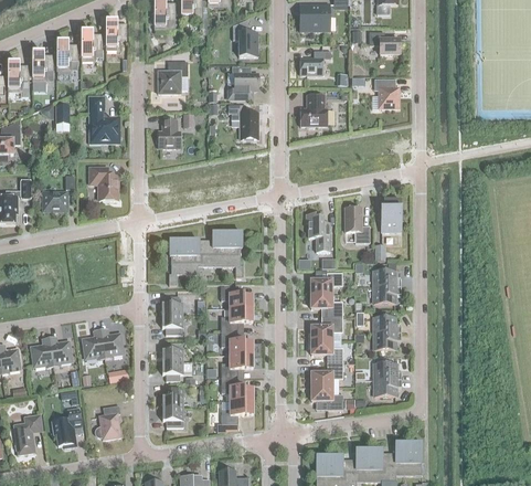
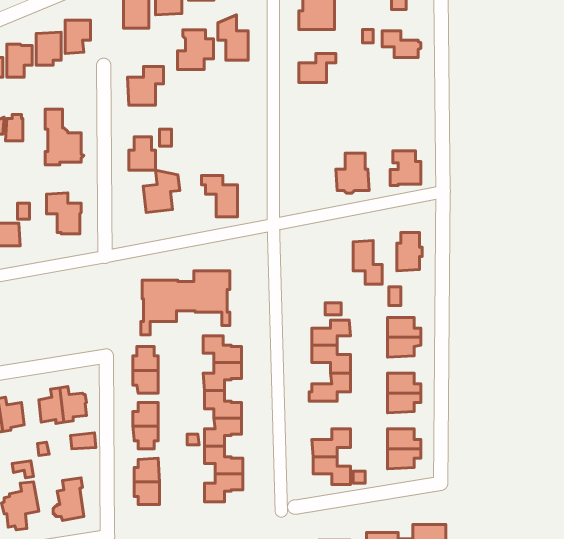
building: [227,65,257,98] -> [178,30,213,69]
building: [372,78,397,107] -> [390,151,421,185]
building: [299,94,327,127] -> [336,153,369,193]
building: [227,104,257,138] -> [202,176,237,217]
building: none -> [143,170,180,212]
building: [306,213,329,251] -> none
building: [308,339,342,362] -> none

